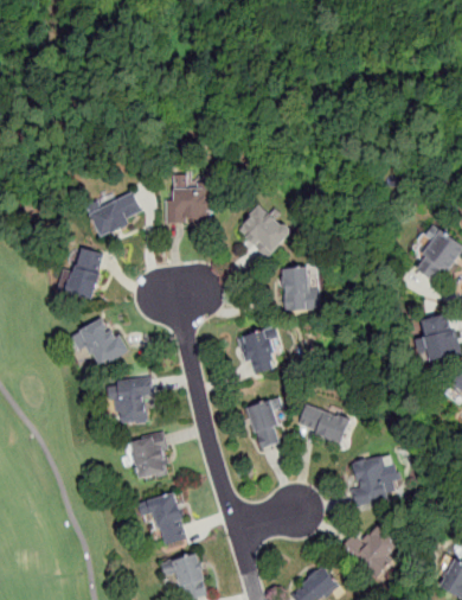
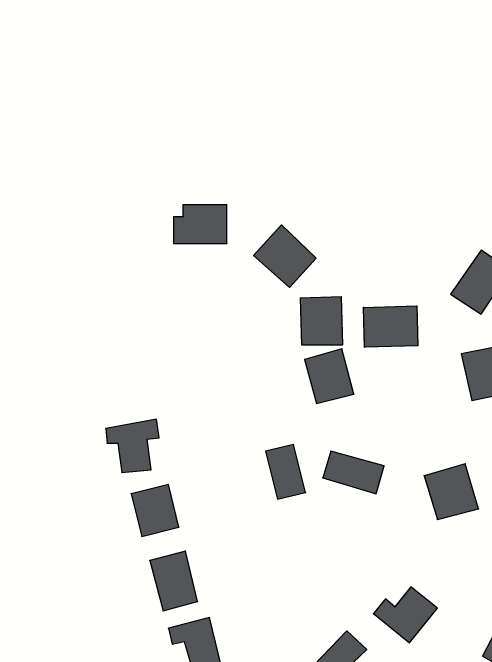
building: [88,190,145,235] -> none
building: [64,248,101,298] -> none
building: none -> [363,306,418,347]
building: [79,315,127,368] -> none
building: [238,326,282,375] -> [305,349,354,403]
building: [348,455,397,505] -> [424,464,479,520]

